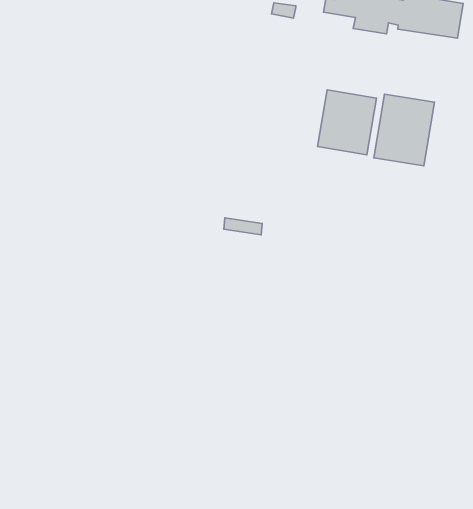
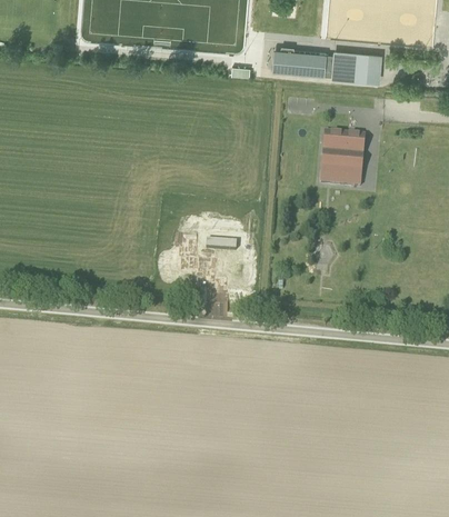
building: [318,90,376,155] -> none

